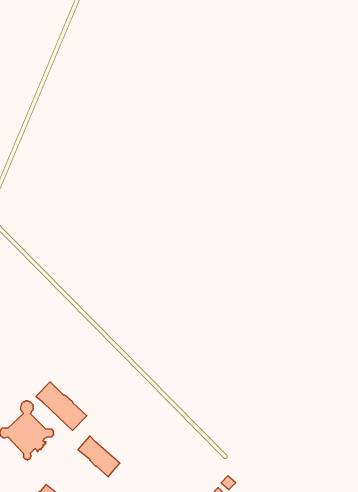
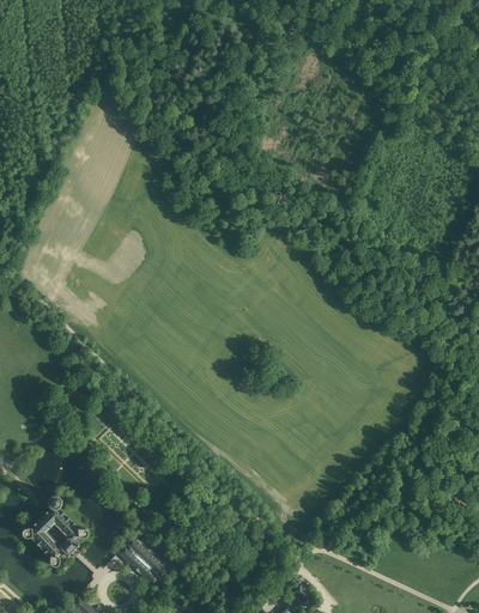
building: [36,382,87,430] -> none

